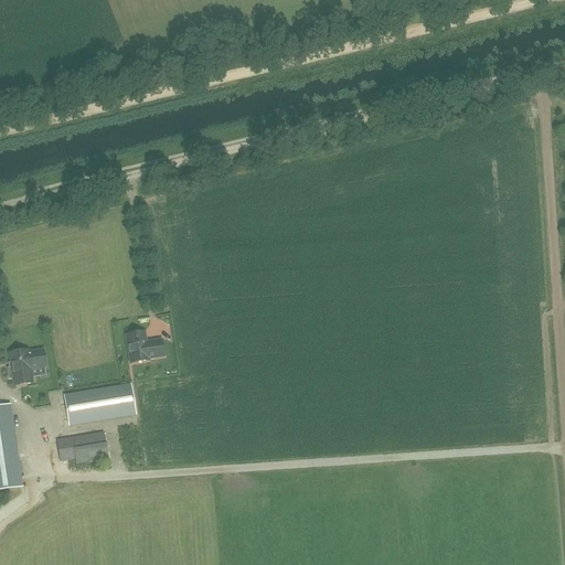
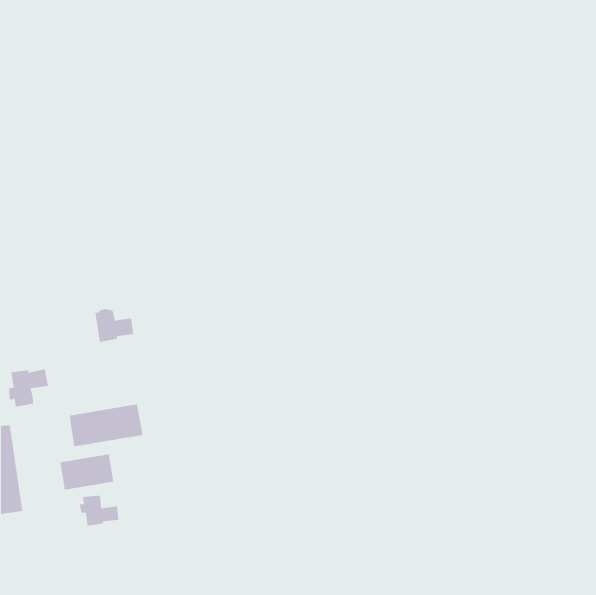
building: [126,329,163,361] -> [94,309,134,342]
building: none -> [79,495,119,526]

